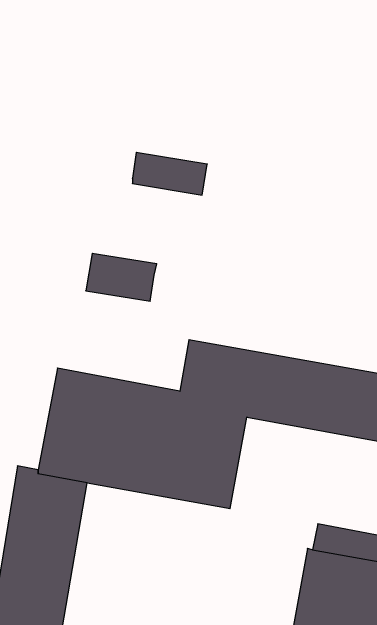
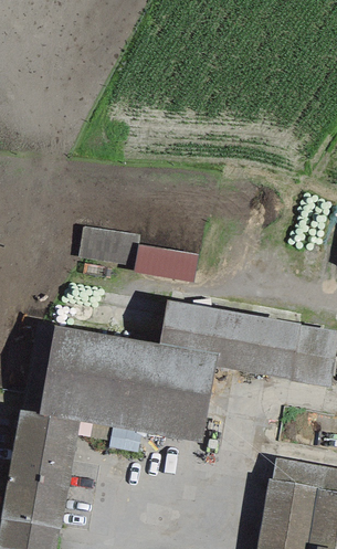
building: [132,152,207,195] -> [133,244,197,281]

